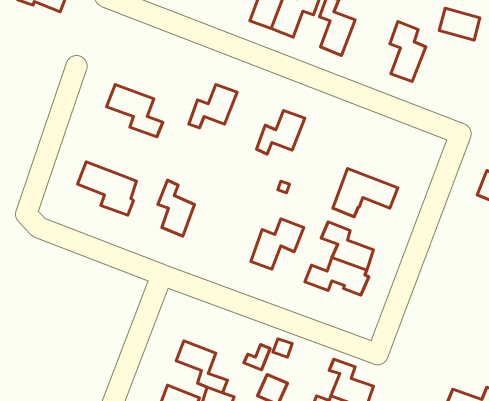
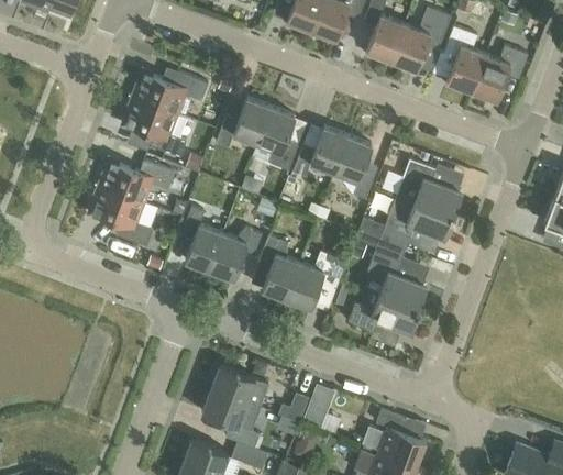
building: none -> [390,8,451,74]
building: none -> [471,45,529,104]
building: none -> [133,71,209,114]
building: none -> [257,107,299,170]
building: none -> [334,136,376,199]
building: none -> [397,159,463,216]
building: none -> [100,161,175,202]
building: none -> [210,228,253,279]
building: none -> [258,236,300,299]
building: none -> [211,366,268,408]

